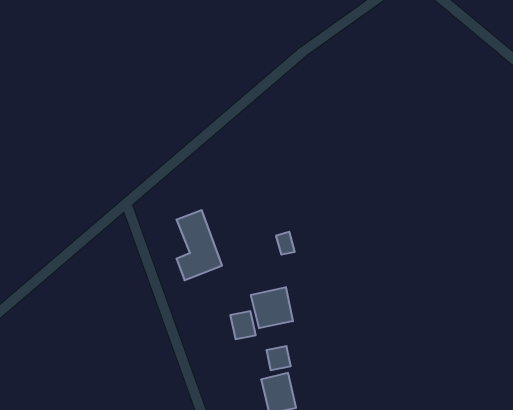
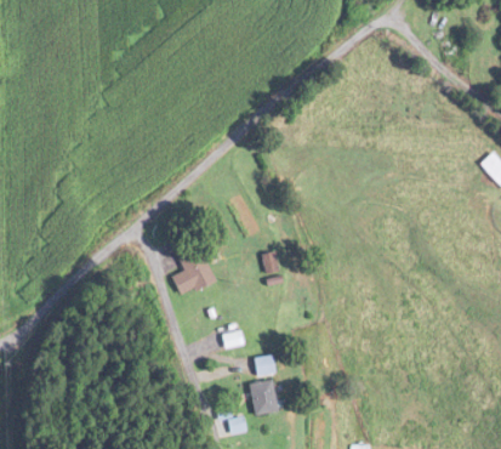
building: [251,287,293,328] -> none

